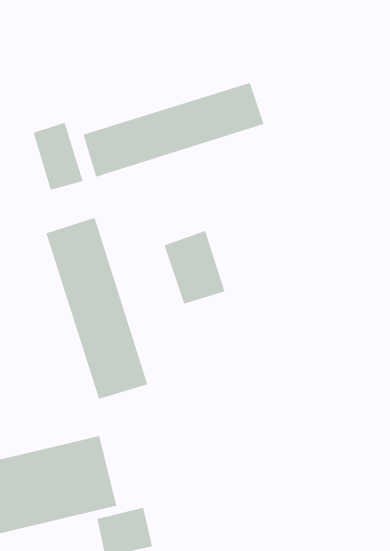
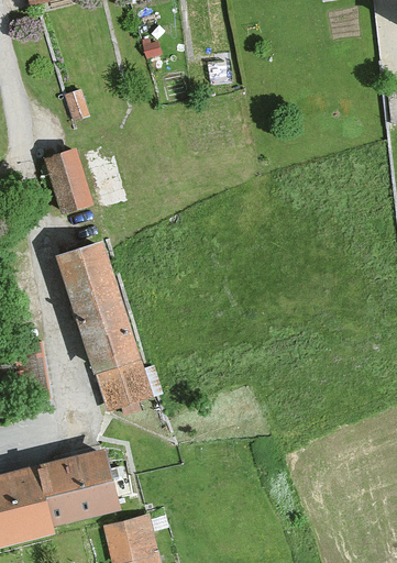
building: [83,82,264,177] -> none
building: [164,230,225,305] -> none

